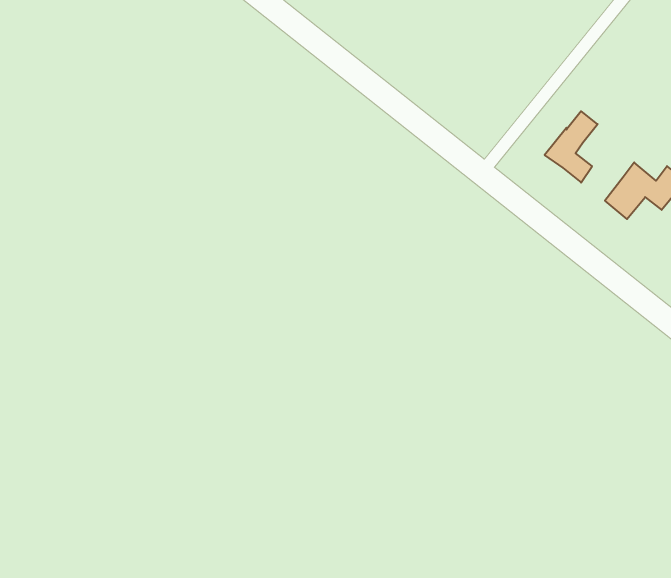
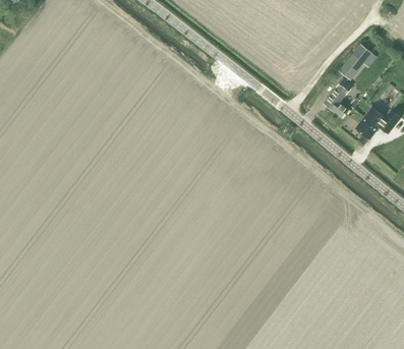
building: none -> [339,44,371,79]

